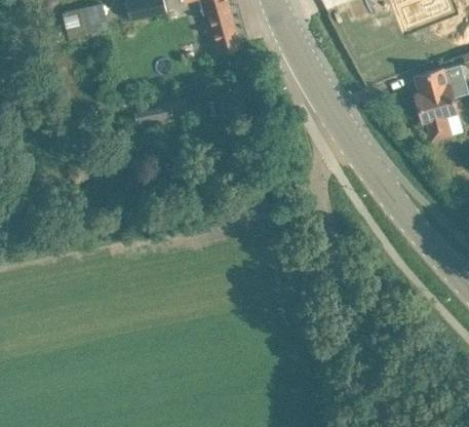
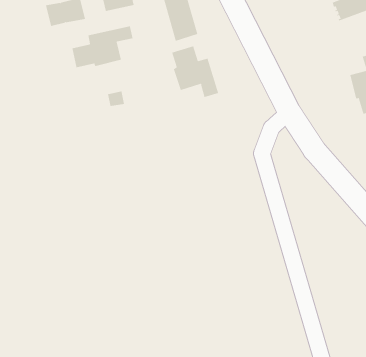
building: none -> [72,25,133,68]
building: none -> [171,46,219,98]

